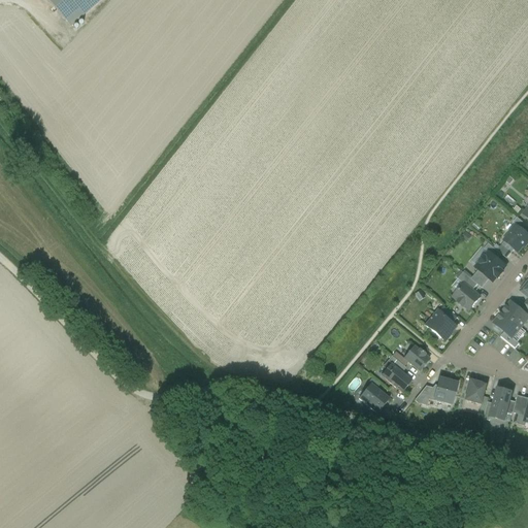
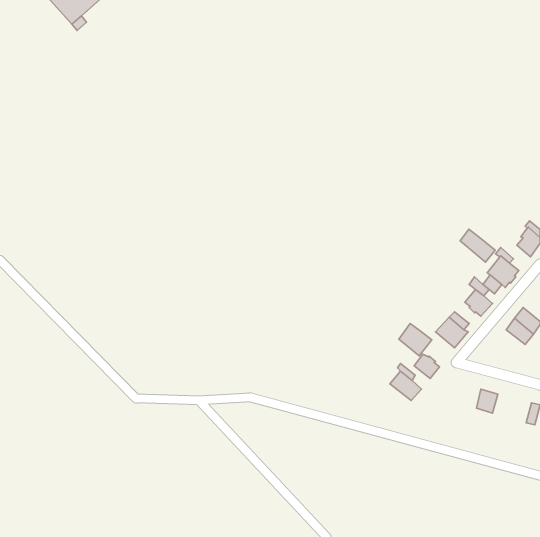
building: none -> [460,229,495,262]
building: none -> [399,324,432,356]
building: [431,380,456,406] -> none
building: [358,383,389,412] -> none
building: [485,385,515,425] -> none

